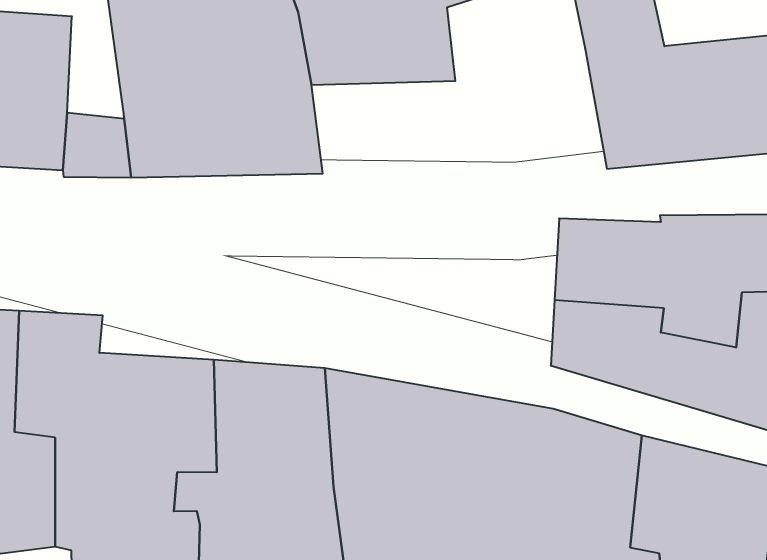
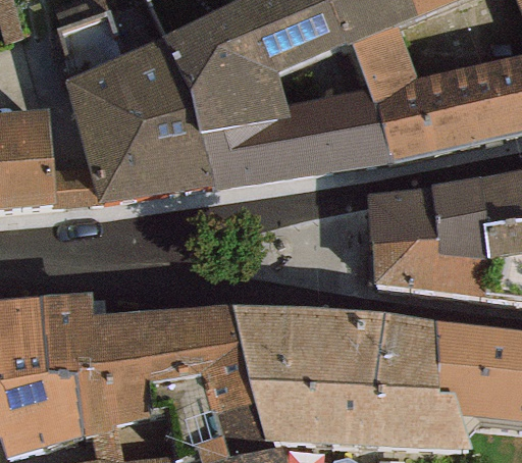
building: none -> [200,87,390,191]

